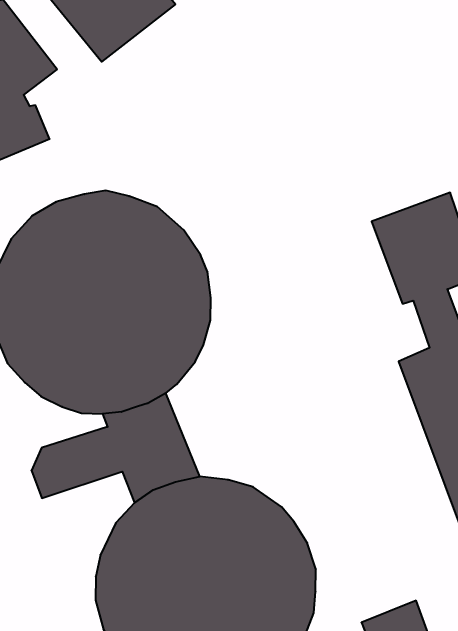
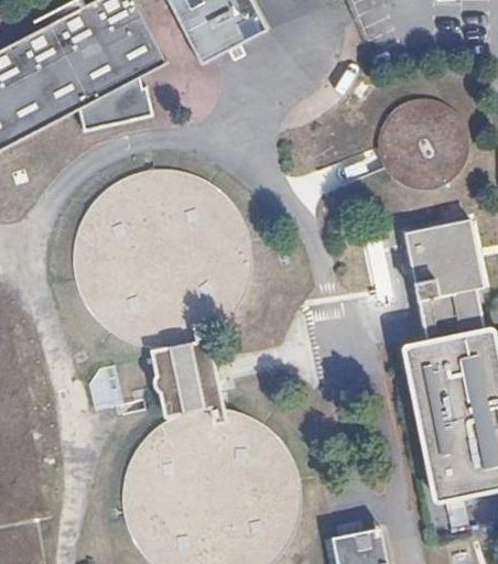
building: none -> [379,99,466,193]

